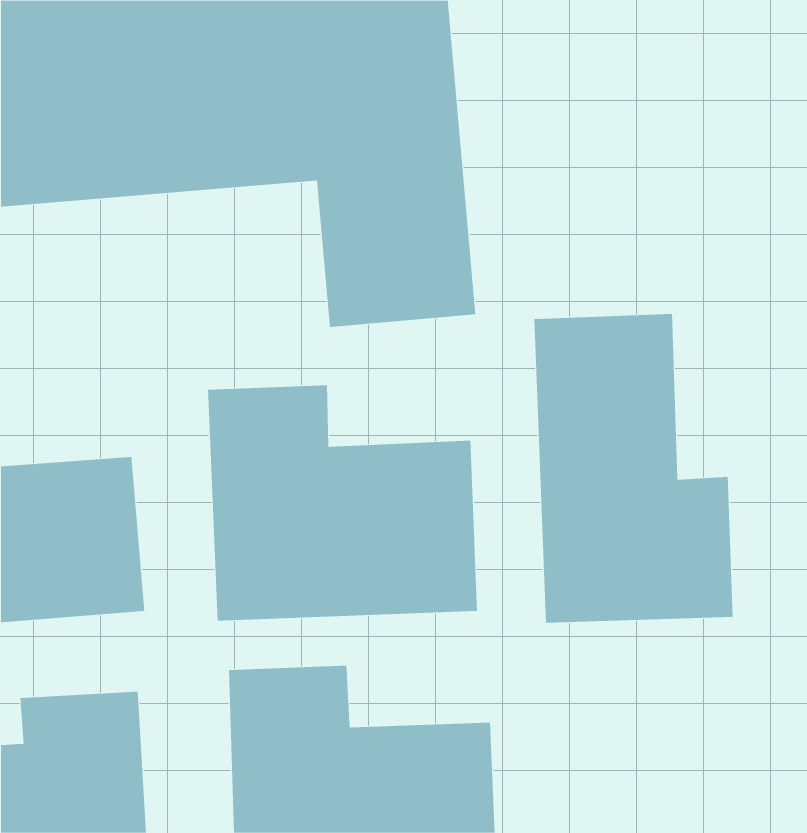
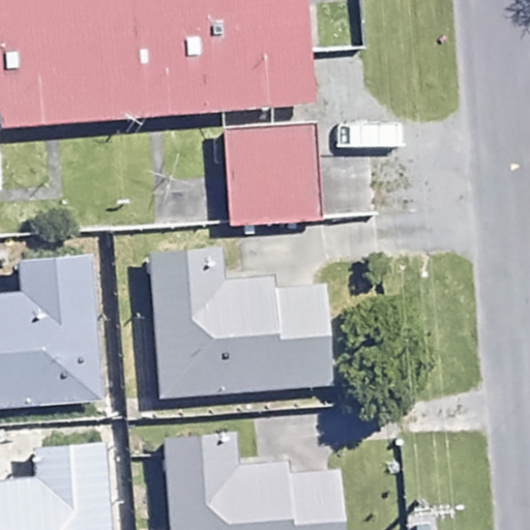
building: [534,313,733,623] -> none

